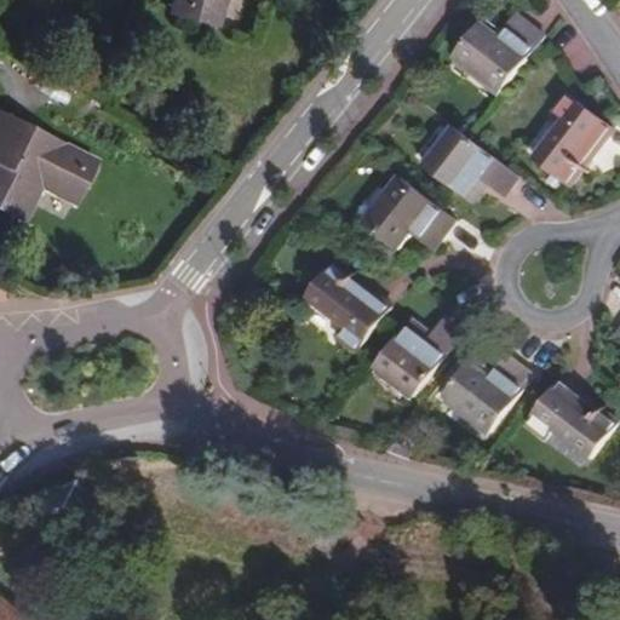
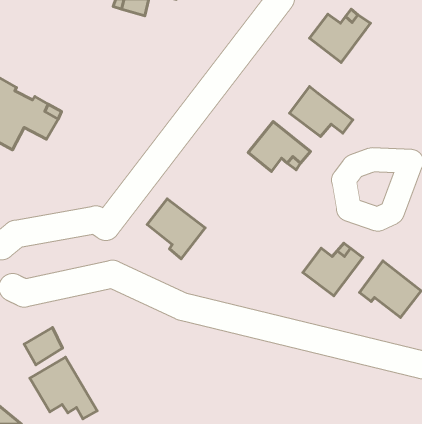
building: [528,92,609,182] -> none
building: [303,263,388,350] -> [147,199,205,259]
building: [371,316,459,396] -> none
building: none -> [30,357,97,419]

